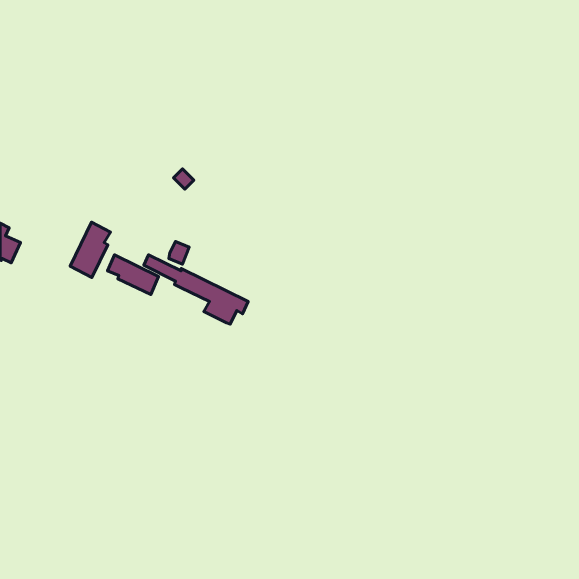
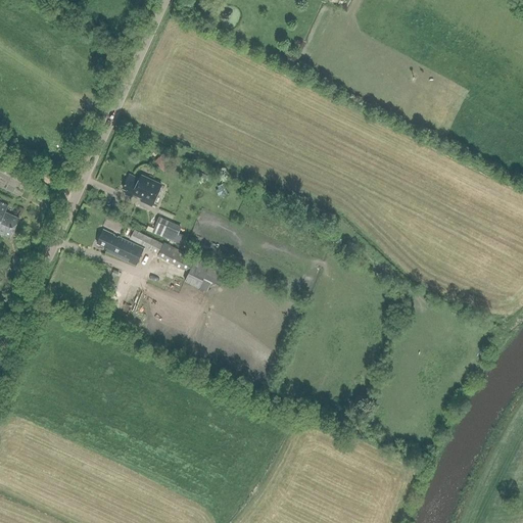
building: none -> [123,175,161,205]
building: [70,222,110,277] -> none

